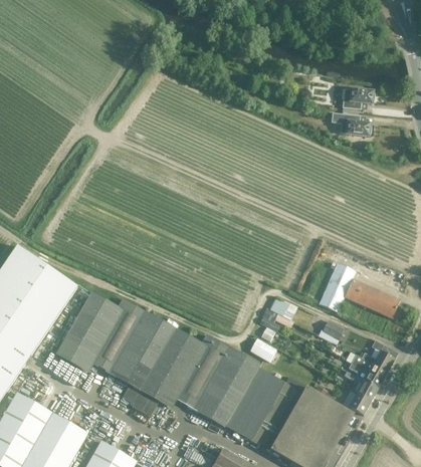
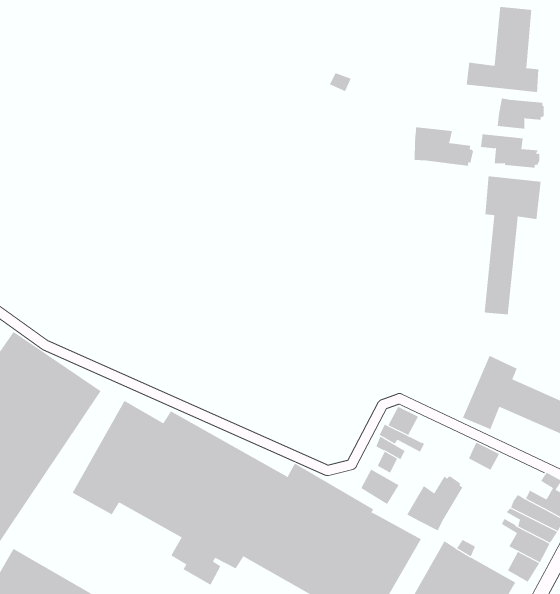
building: none -> [466,6,539,93]
building: none -> [414,126,474,166]
building: none -> [484,176,541,315]
building: none -> [406,476,463,531]

